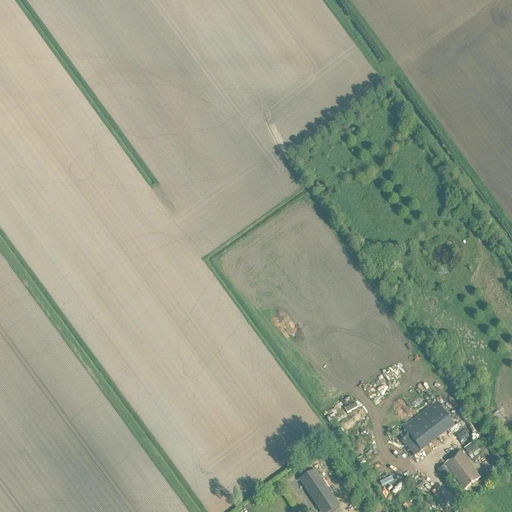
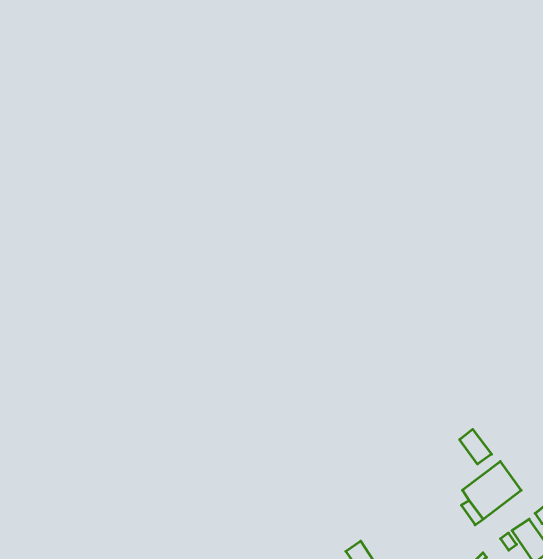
building: none -> [460,429,492,464]

